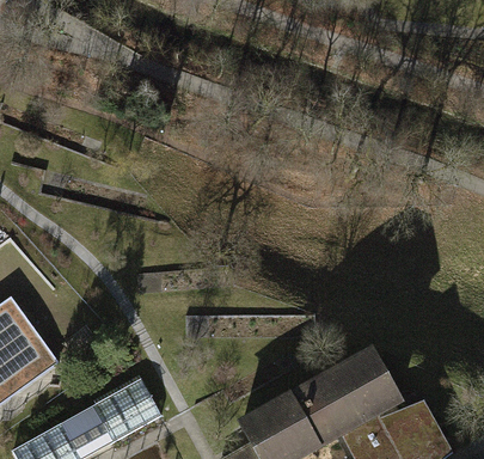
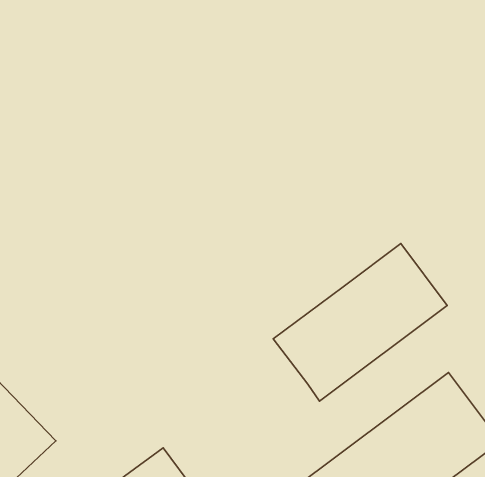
building: none -> [273,244,447,401]

